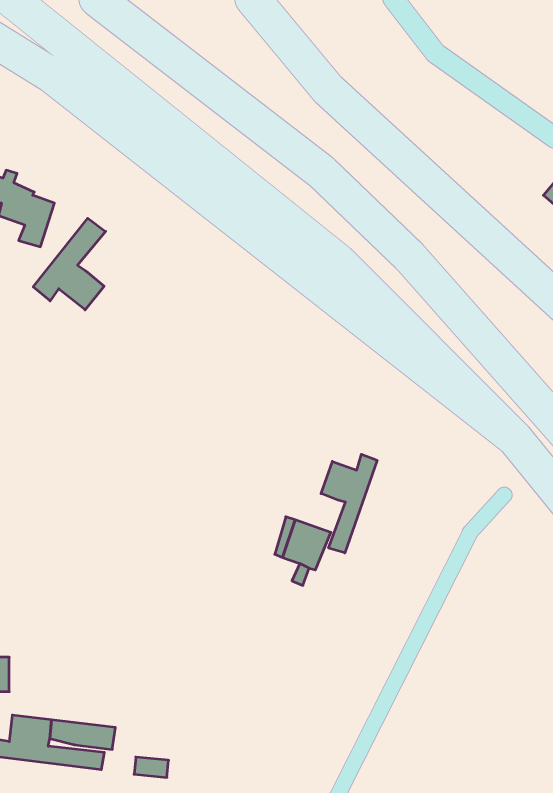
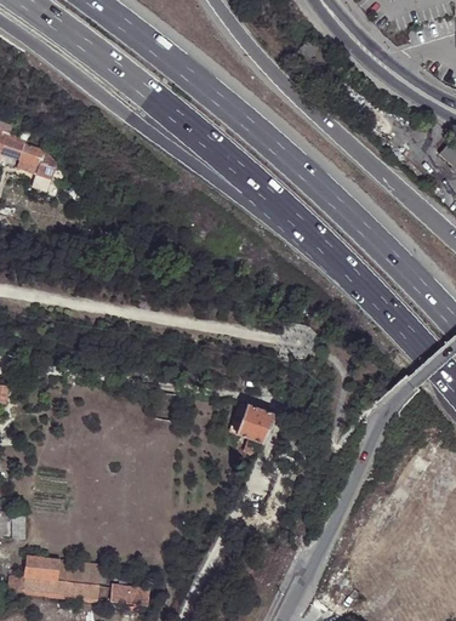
building: [33,218,106,310] -> none
building: [321,454,377,553] -> none

